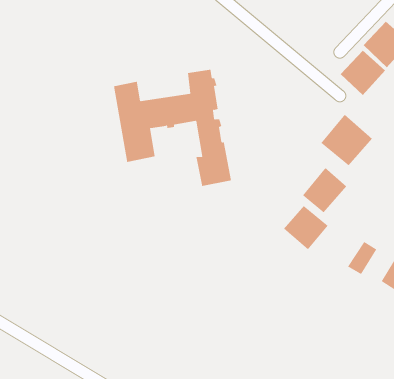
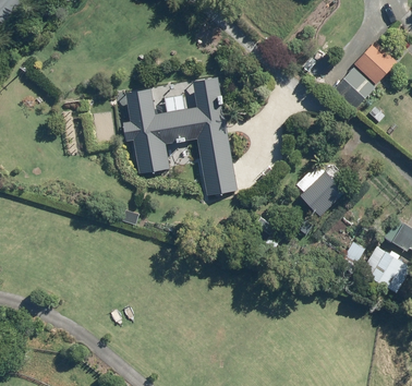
building: [321,114,373,166] -> none
building: [283,205,328,250] -> none

